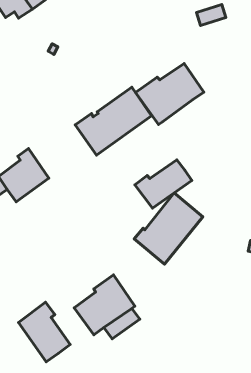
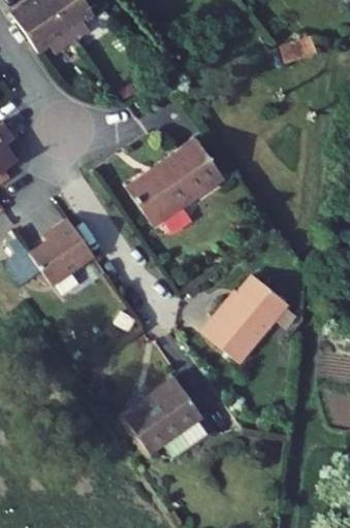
building: [135,63,204,124] -> none
building: [135,160,192,208] -> none
building: [18,302,70,362] -> none

